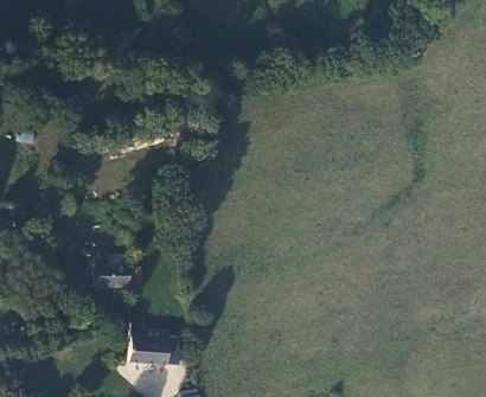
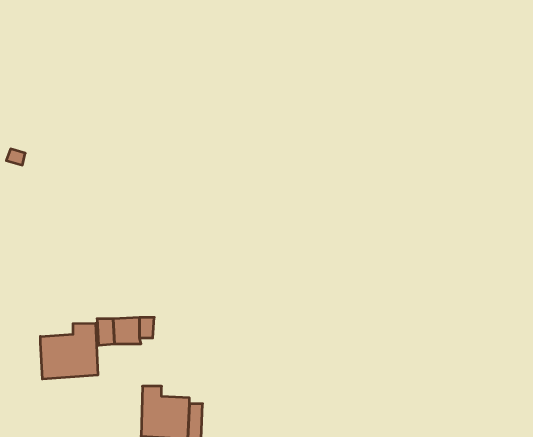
building: none -> [40,323,98,379]

